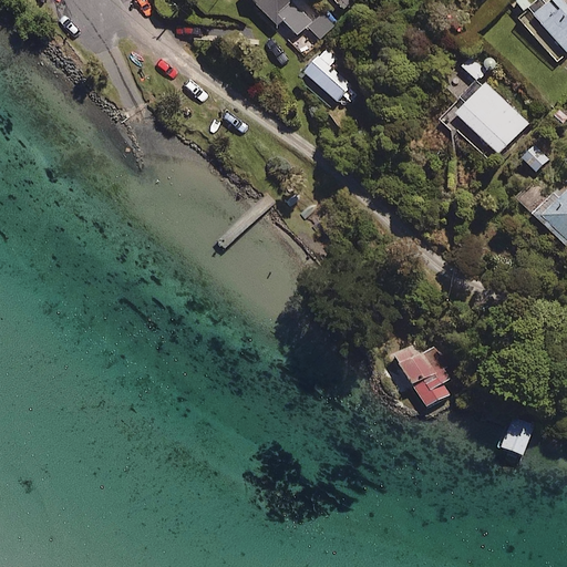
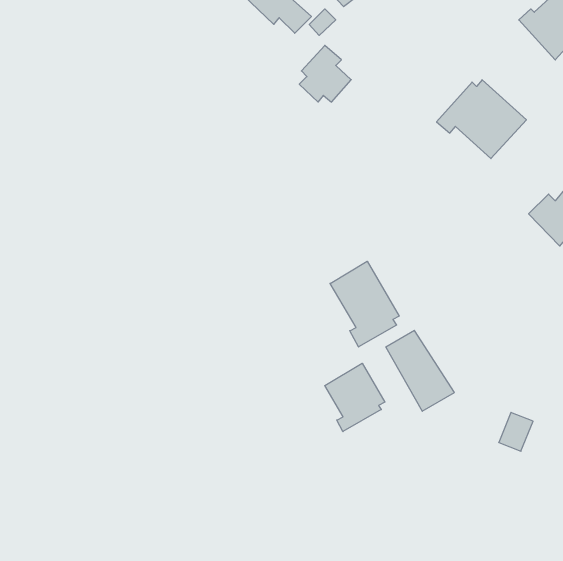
building: none -> [330,261,399,347]
building: none -> [325,363,385,432]

